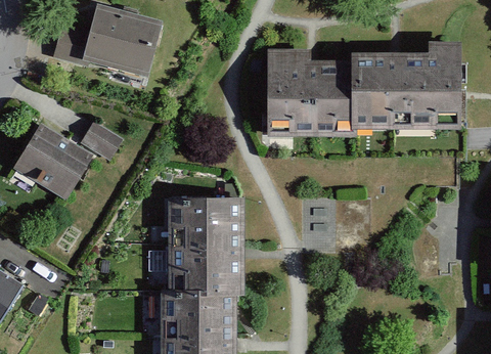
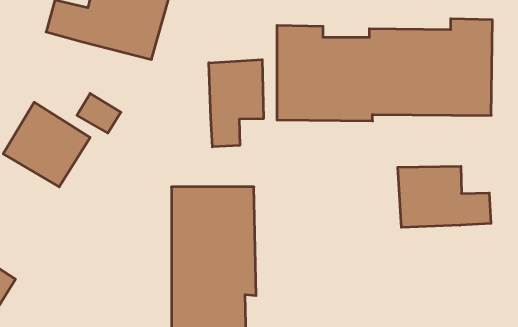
building: none -> [209,60,263,147]
building: none -> [398,166,491,227]

